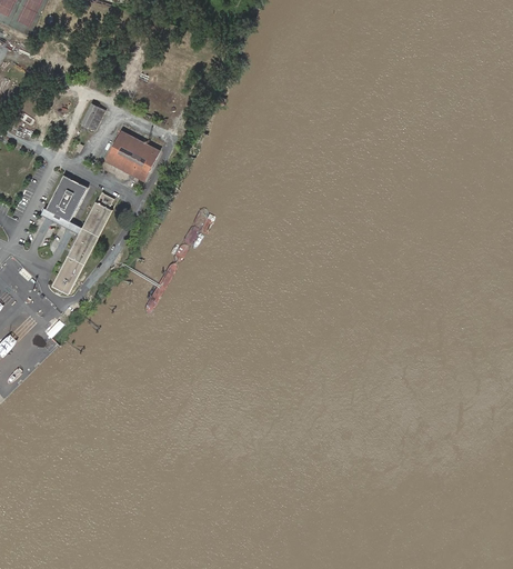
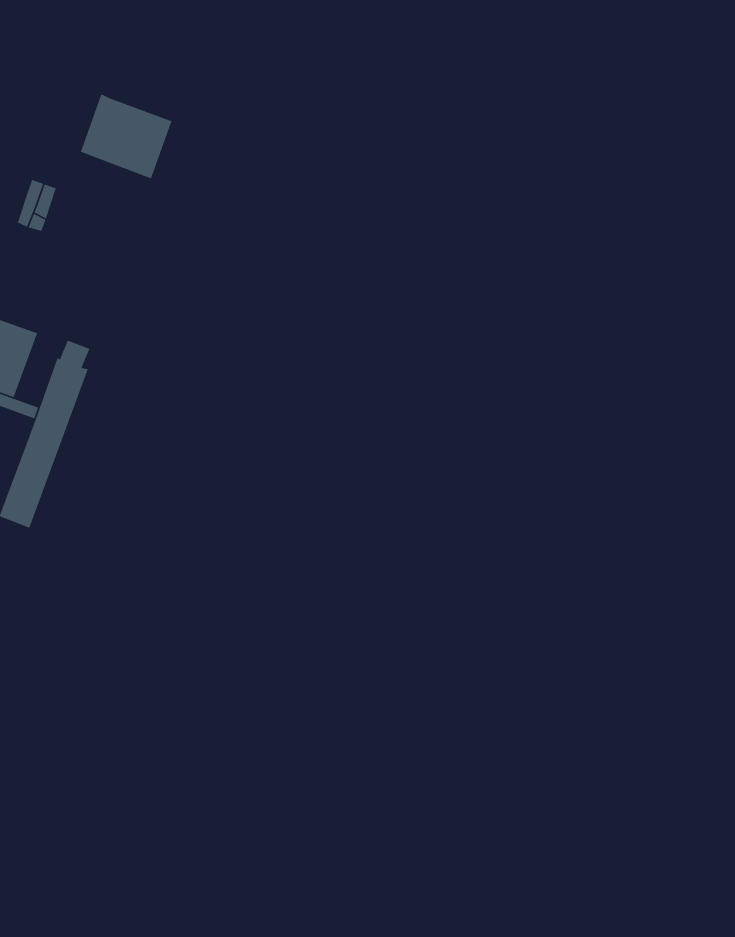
building: [105,130,159,181] -> [80,93,172,180]

